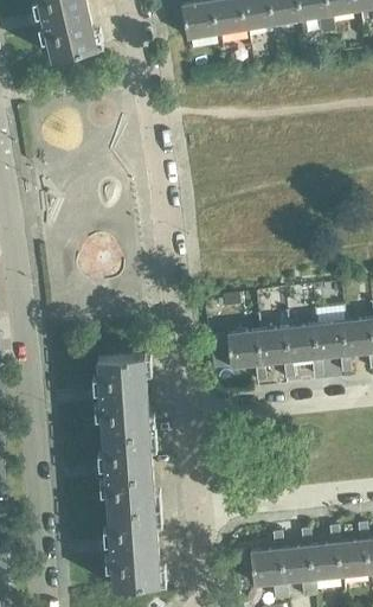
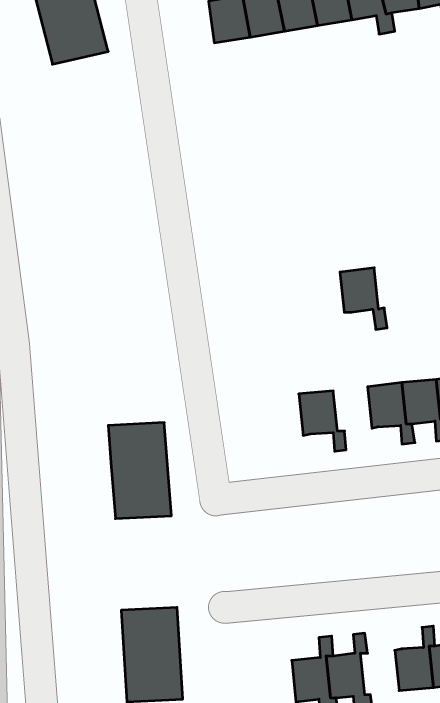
building: [283,325,322,376] -> [340,268,387,329]
building: [226,331,265,382] -> none
building: [103,432,154,510] -> none
building: [306,525,340,580] -> none

